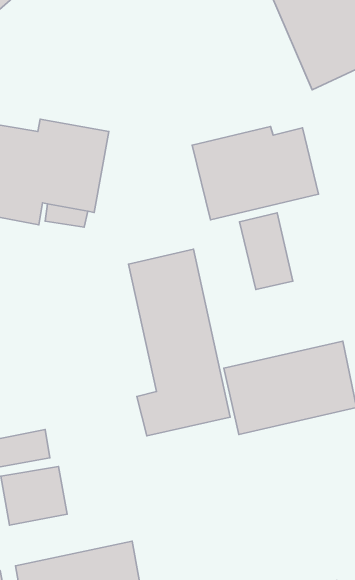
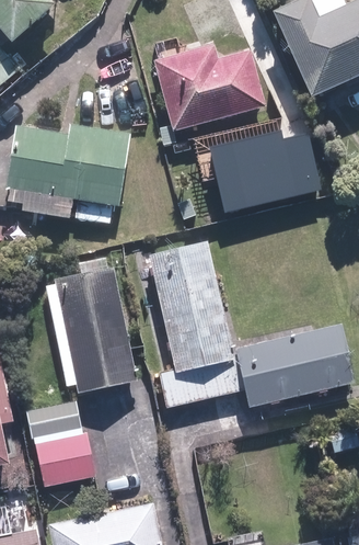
building: none -> [153,45,265,132]
building: [239,213,293,290] -> none
building: none -> [45,268,136,391]

